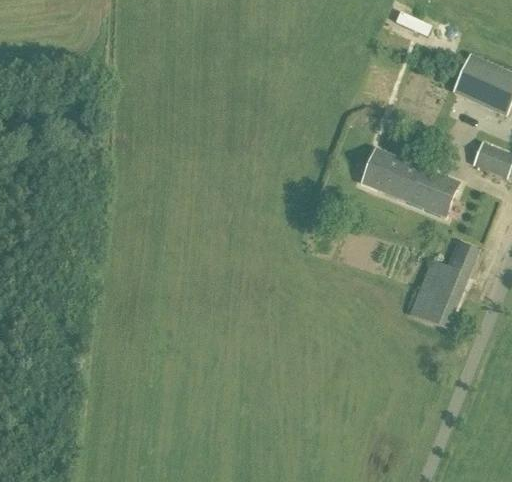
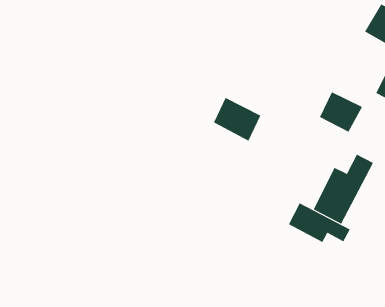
building: [362,149,420,200] -> [213,97,261,141]
building: none -> [288,202,350,243]

